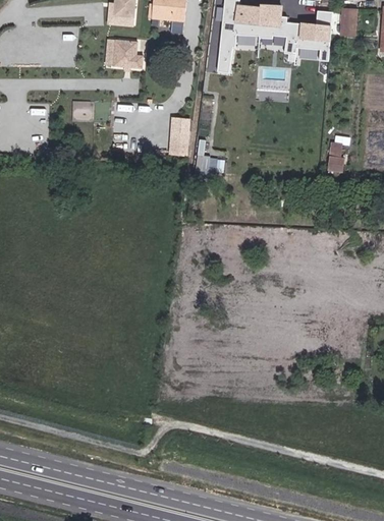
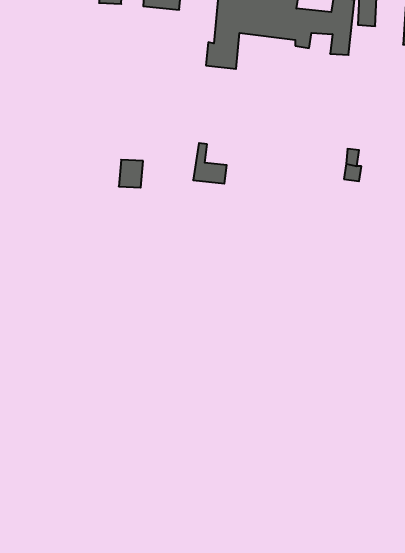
building: [112,41,142,69] -> none
building: [169,131,190,156] -> [119,160,143,188]

